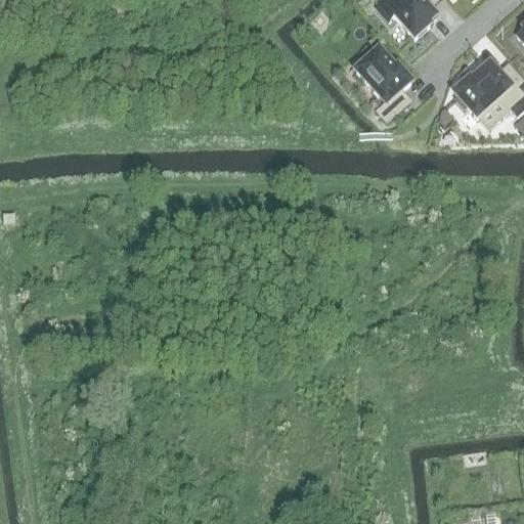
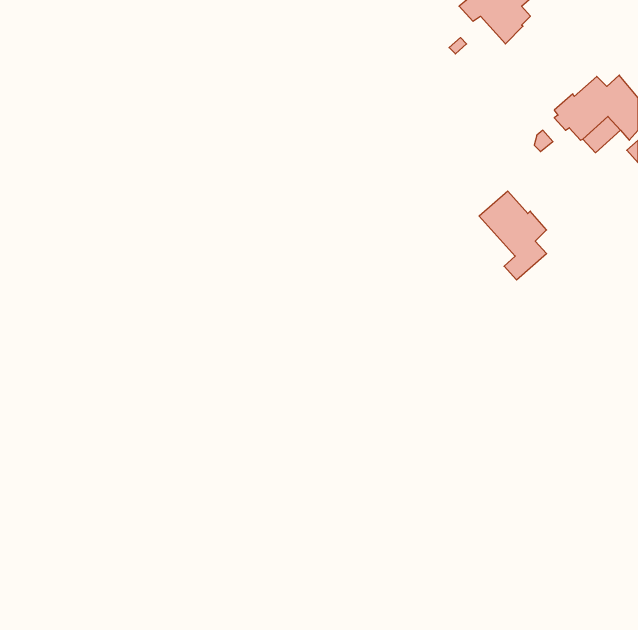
building: [354,47,409,120] -> [479,191,547,280]

